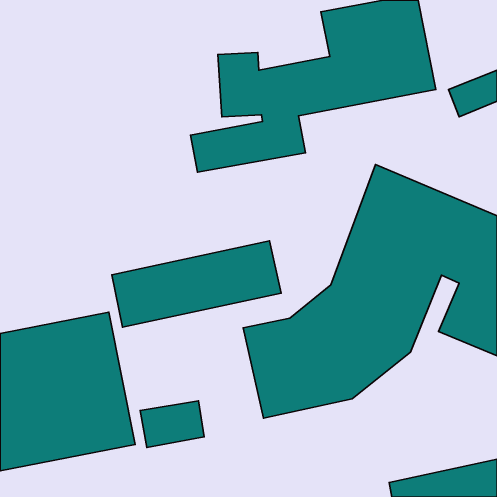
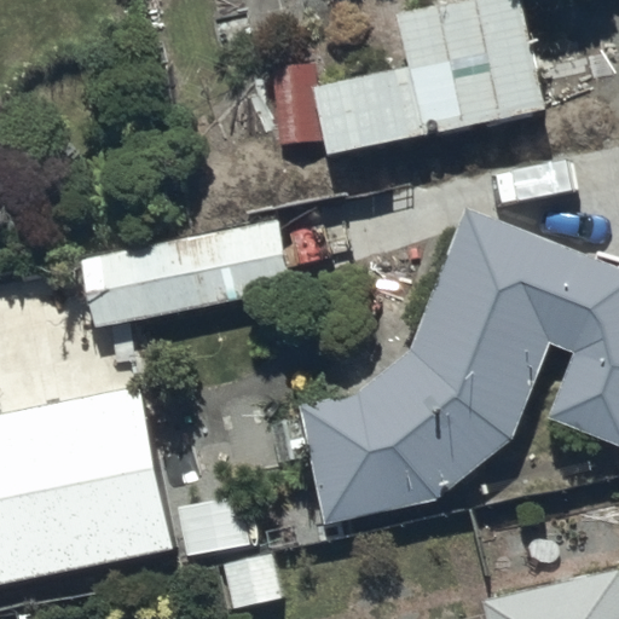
building: [112,241,281,327] -> [79,220,289,328]

